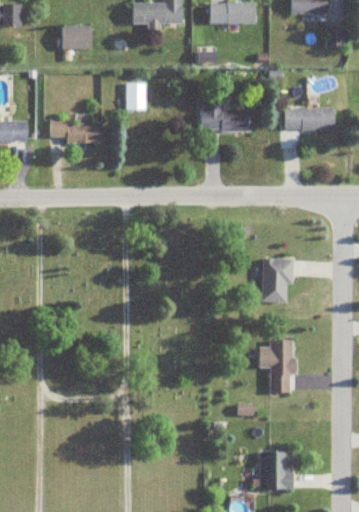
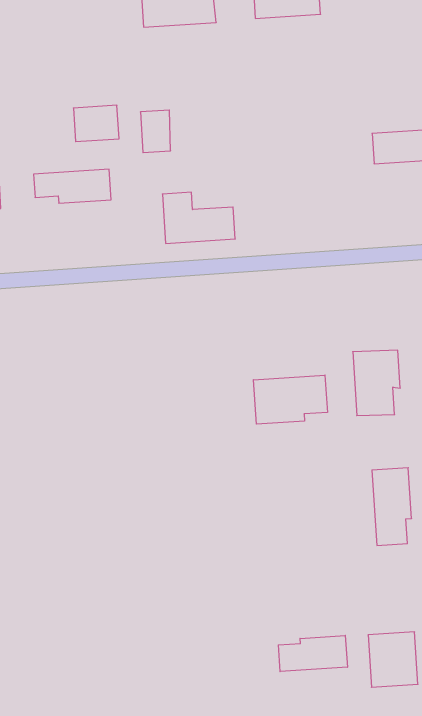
building: [61,26,91,49] -> [73,105,119,142]
building: [202,97,250,131] -> [162,192,235,243]
building: none -> [253,375,327,424]
building: none -> [278,635,347,672]

